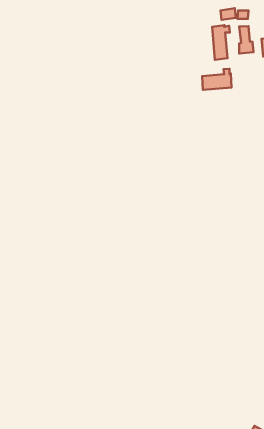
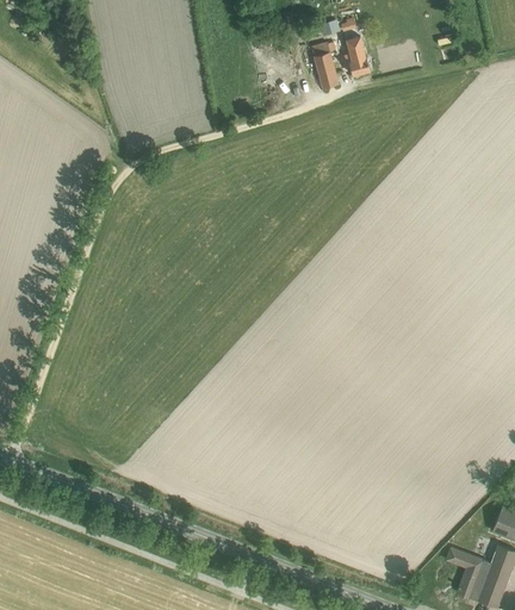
building: [202,69,232,90] -> none

